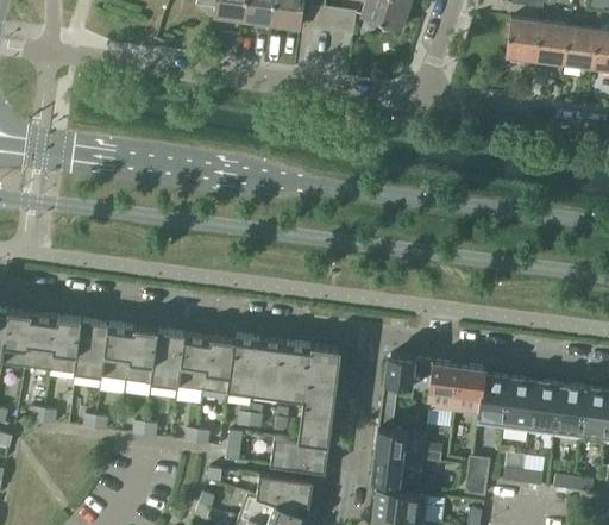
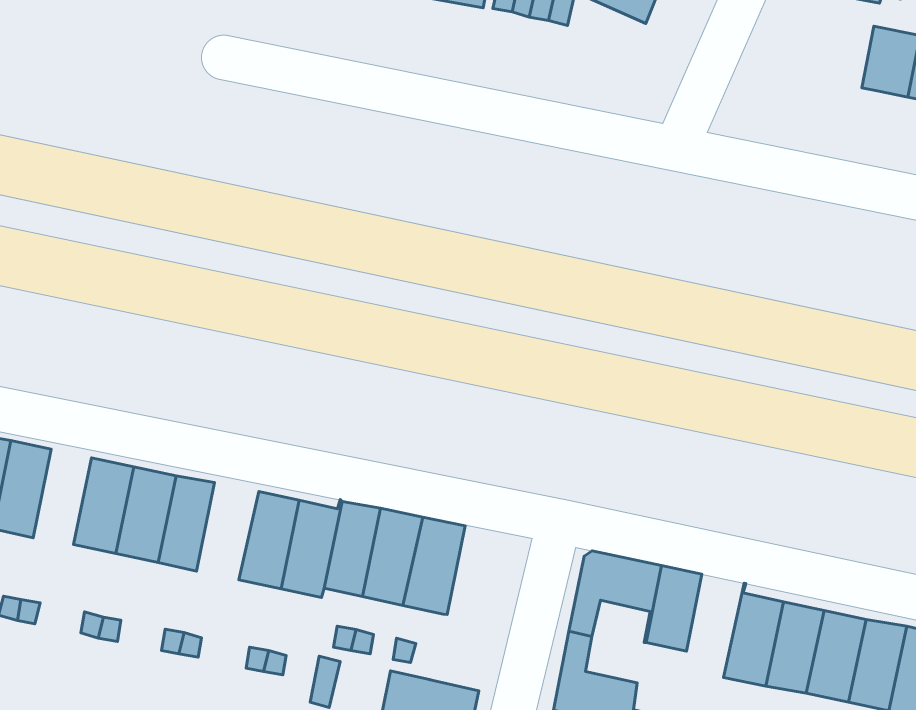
building: [506,19,540,61] -> none
building: [50,317,82,374] -> none
building: [151,330,186,388] -> none
building: [297,345,340,445] -> none
building: [453,364,485,426] -> none

